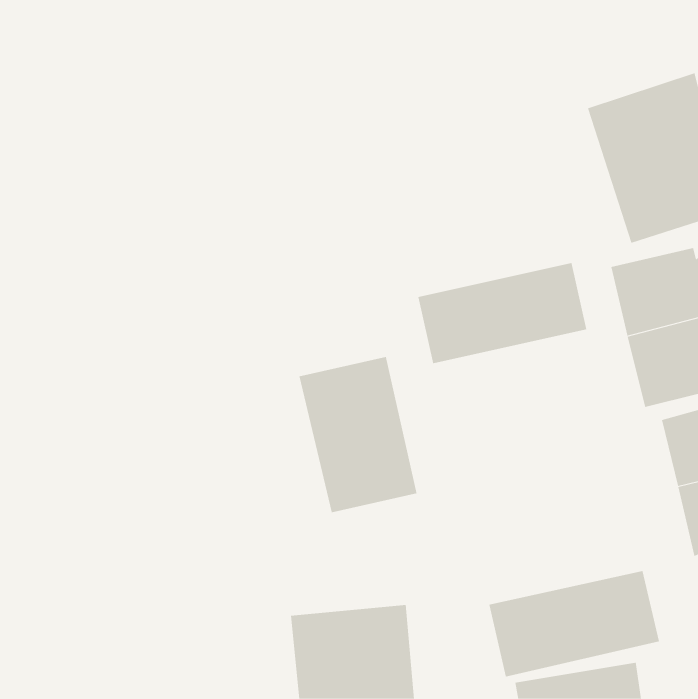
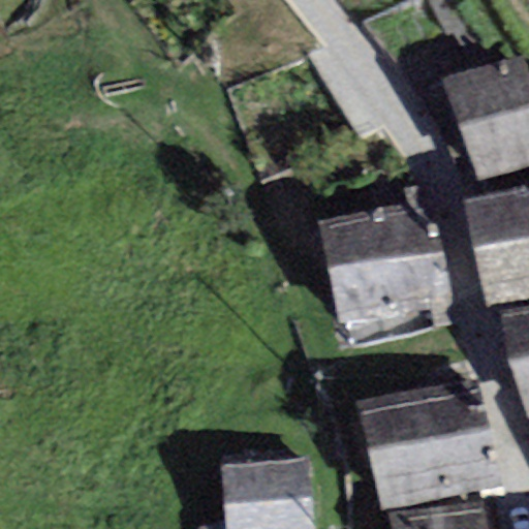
building: none -> [328,249,456,326]
building: [299,356,417,513] -> none
building: none -> [357,377,487,457]

